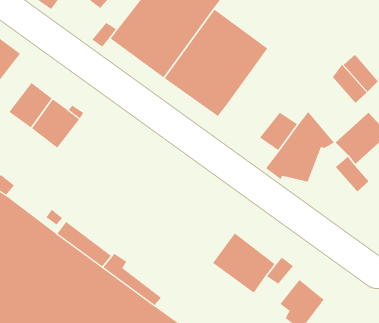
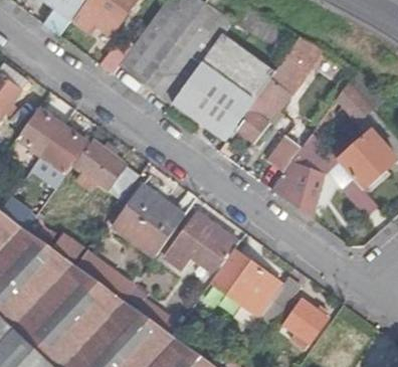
building: none -> [233,47,316,142]
building: none -> [76,144,139,198]
building: none -> [111,186,183,257]
building: none -> [166,212,241,277]

